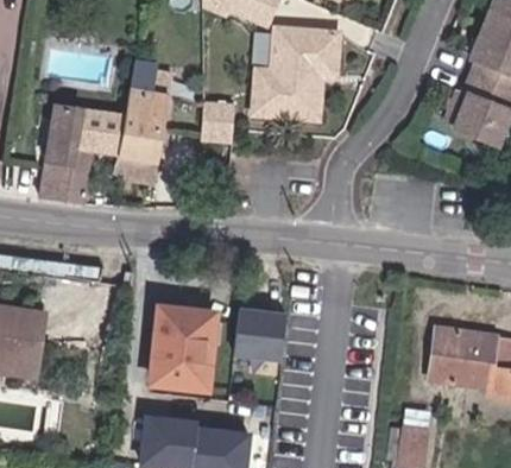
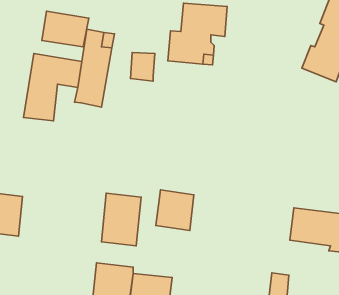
building: none -> [42,11,89,47]

